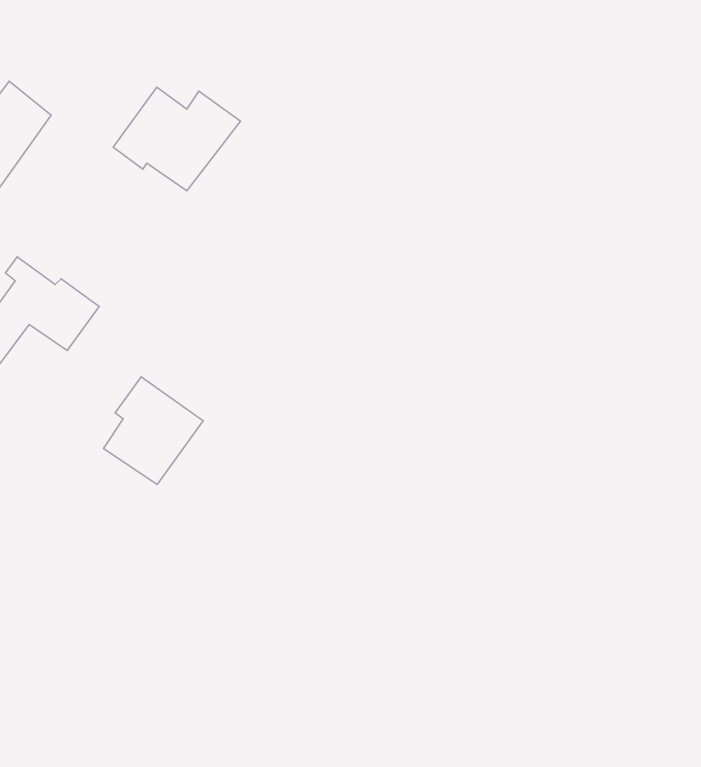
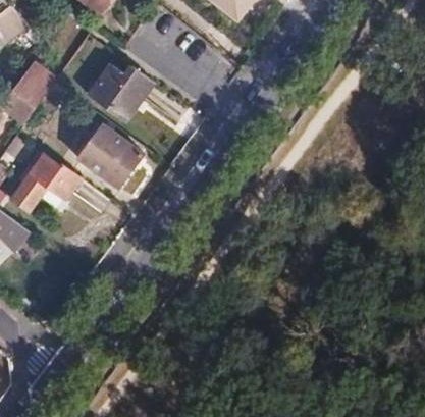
building: [103,377,203,484] -> [90,131,141,186]

